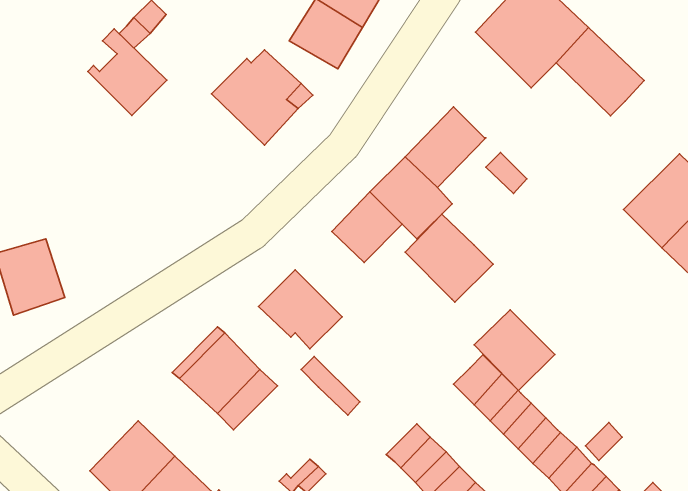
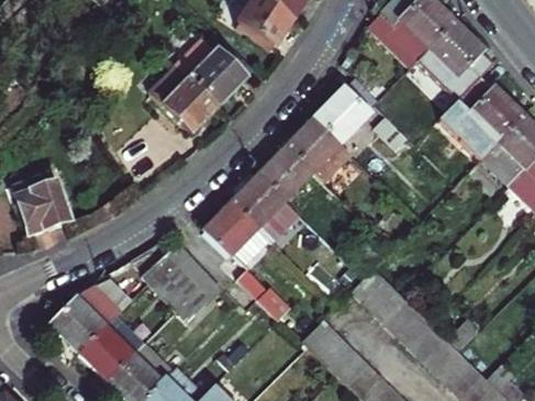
building: [88,29,167,115] -> [152,73,211,137]
building: none -> [439,78,522,159]
building: [405,214,493,302] -> [234,176,300,242]
building: [474,310,555,391] -> none
building: none -> [49,279,135,355]

